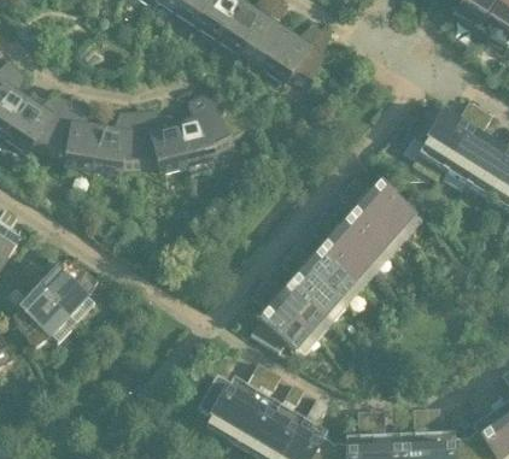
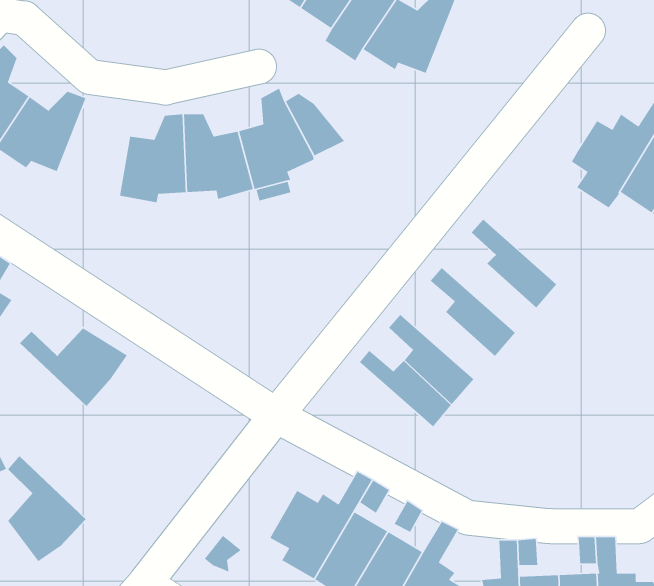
building: [48,101,99,170] -> none
building: [346,177,414,231] -> none
building: [317,210,384,265] -> none
building: [288,243,355,298] -> none
building: [13,272,69,347] -> [7,455,87,562]
building: [250,286,311,351] -> none

